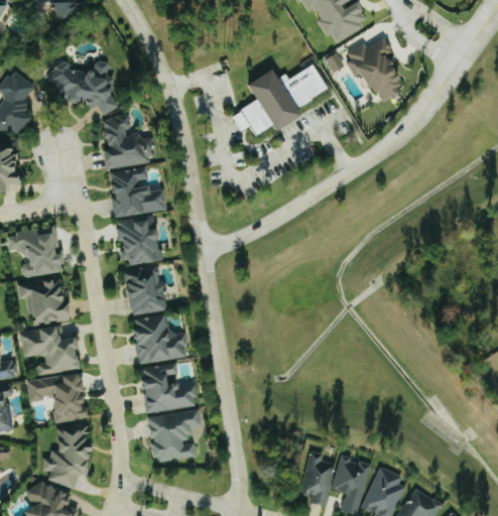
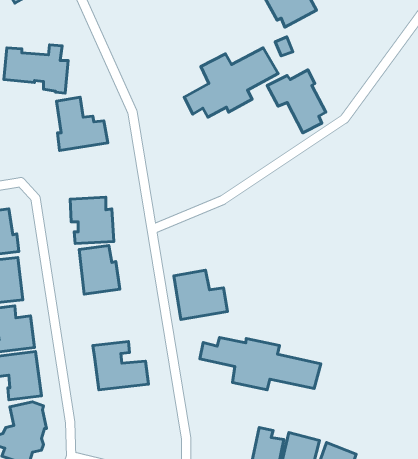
building: [343,38,402,103] -> [267,70,326,133]
building: [110,167,166,218] -> none
building: [132,314,186,365] -> [174,270,227,319]
building: none -> [200,338,321,390]
building: [146,411,200,463] -> none

